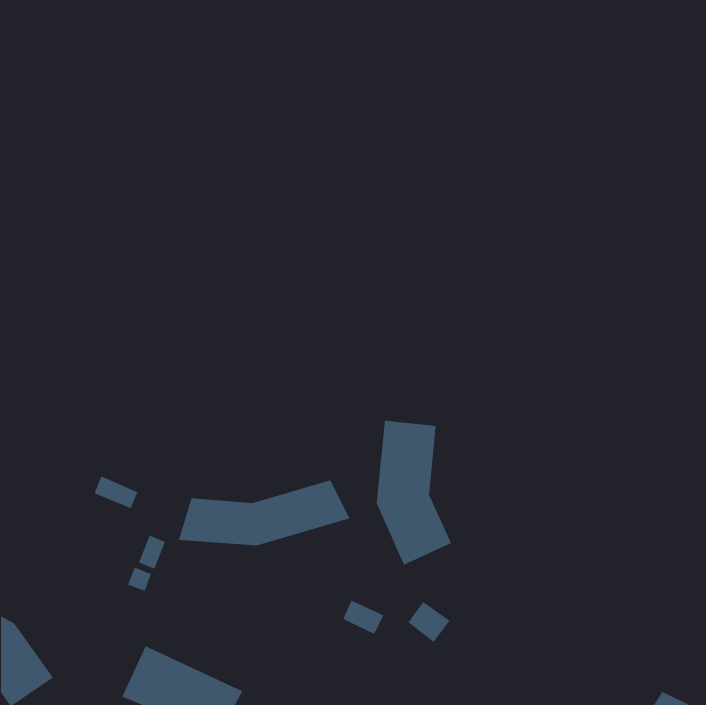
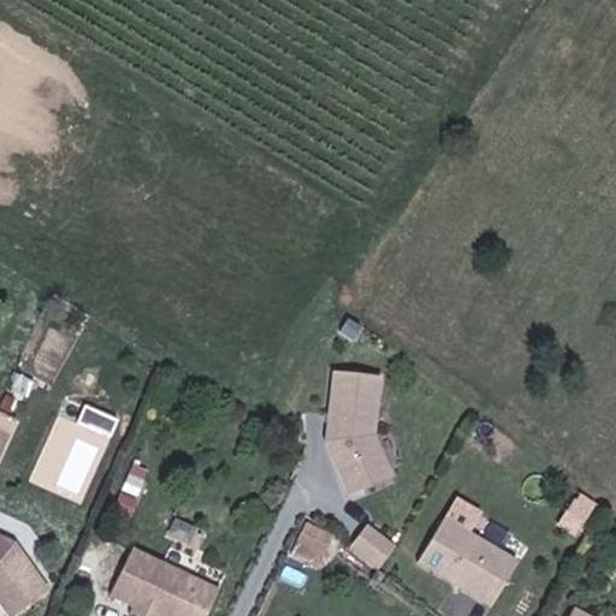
building: [178,479,350,546] -> none
building: none -> [417,515,517,603]

